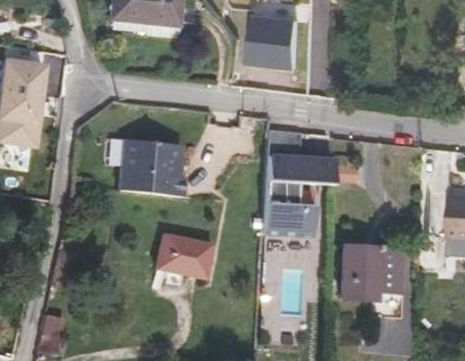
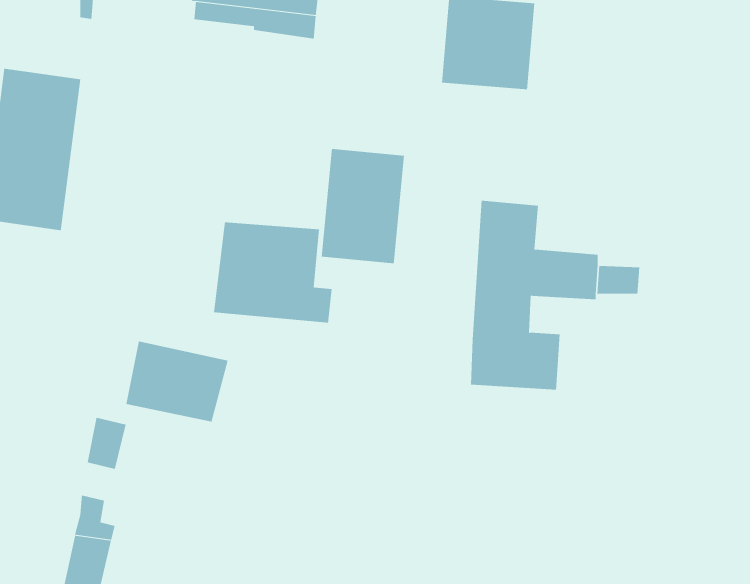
building: none -> [321,148,405,264]
building: [155,232,212,277] -> [125,341,229,422]
building: [339,244,406,316] -> none

